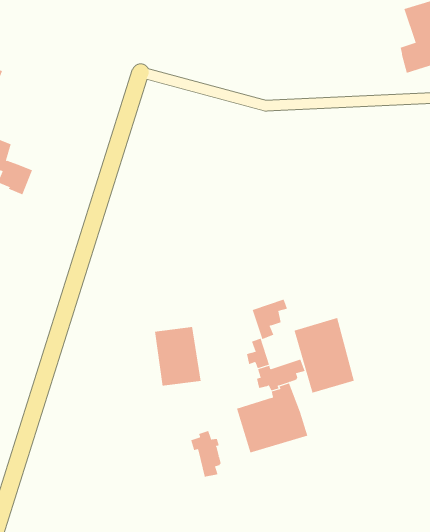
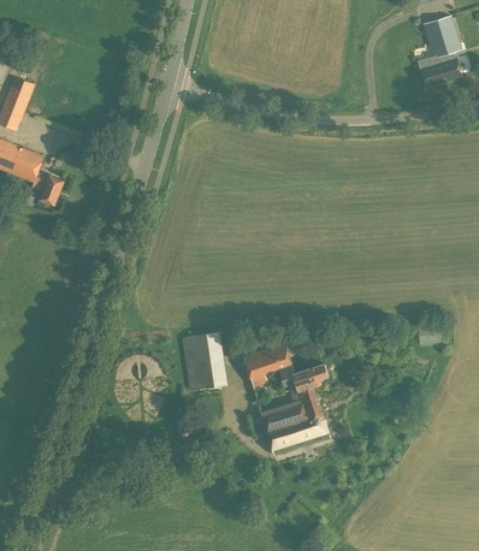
building: [252,299,288,340] -> [243,346,278,386]
building: [294,317,354,394] -> none
building: [191,430,221,477] -> none

